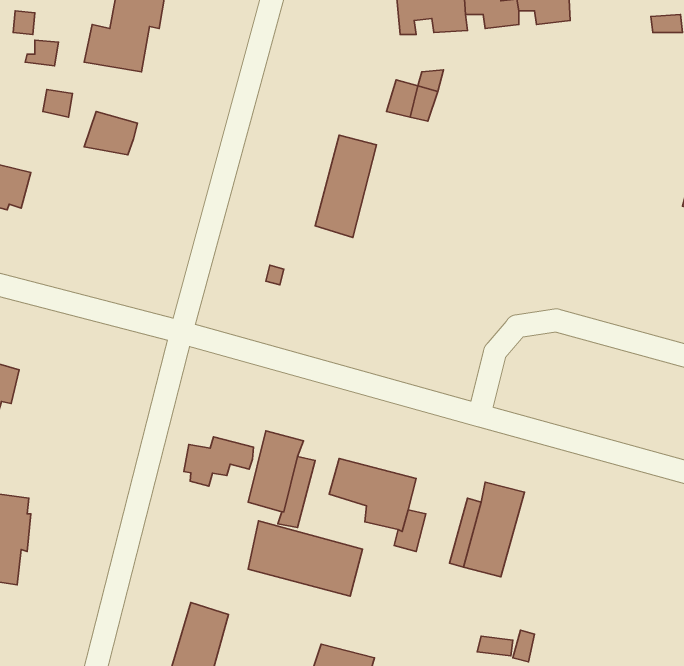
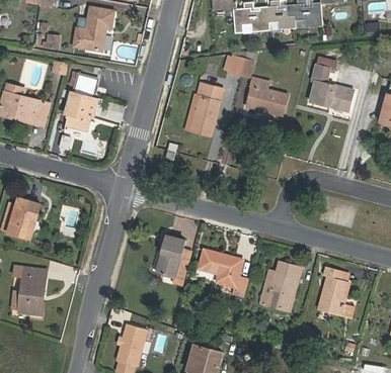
building: none -> [309,58,354,109]
building: none -> [245,78,287,115]
building: none -> [58,91,99,138]
building: [184,437,254,486] -> none
building: none -> [318,269,347,315]
building: [248,521,363,596] -> none

